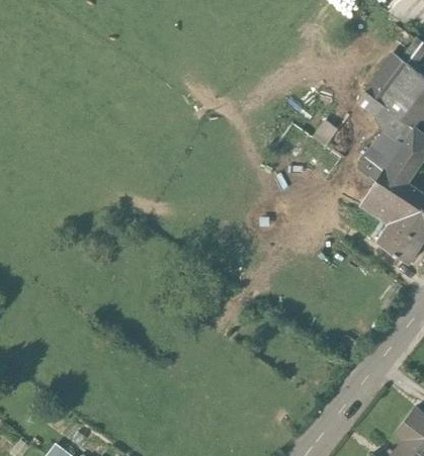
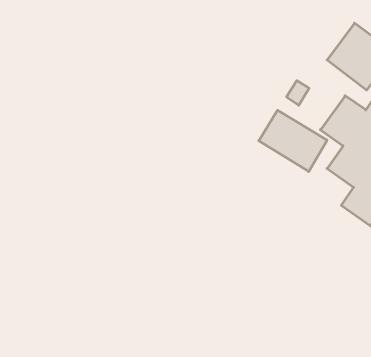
building: none -> [259,110,327,172]

